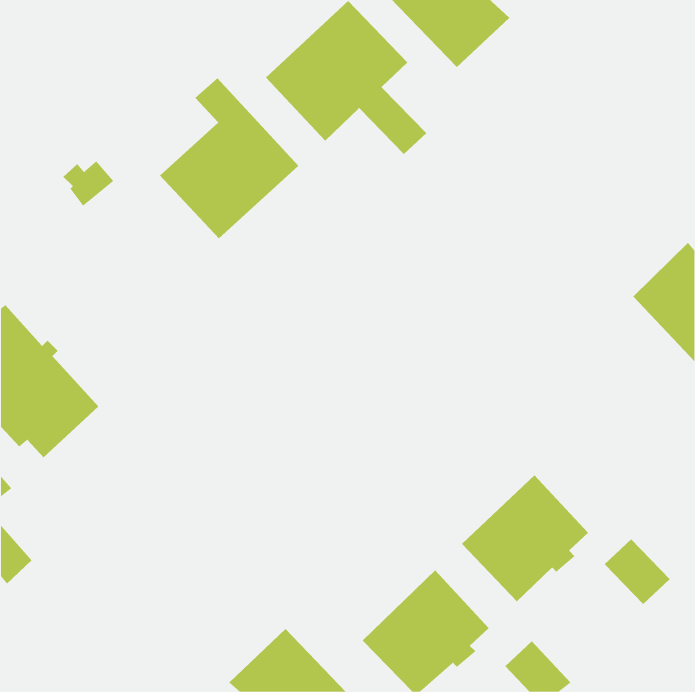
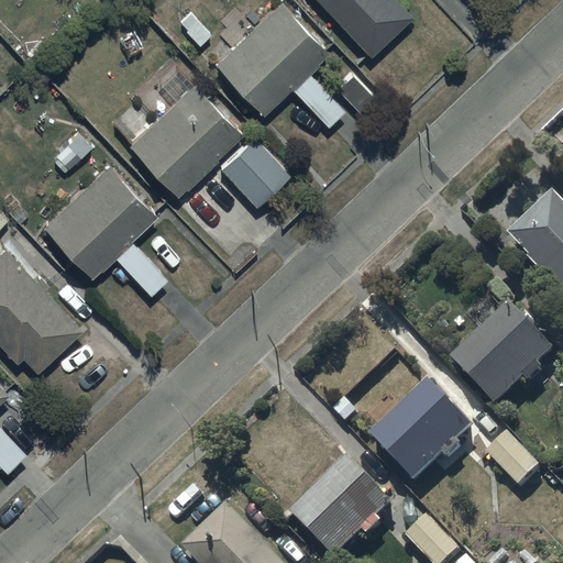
building: none -> [219,134,289,206]
building: none -> [42,163,167,294]
building: none -> [454,308,556,409]

